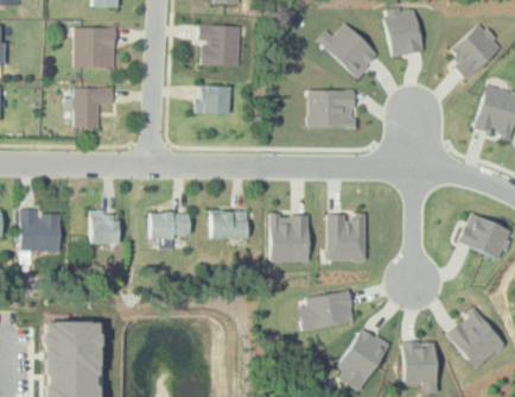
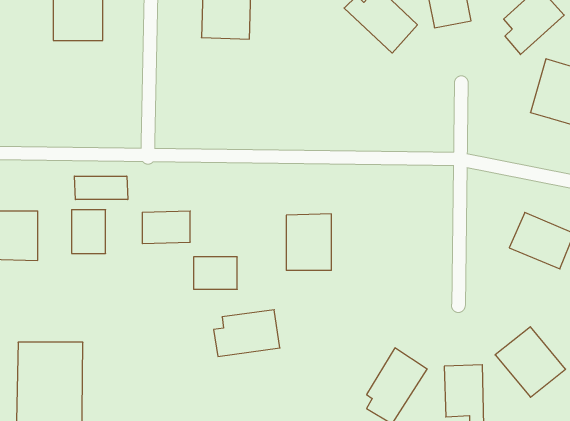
building: [197,87,230,114] -> none
building: [74,89,114,128] -> none
building: [309,89,355,128] -> none
building: none -> [74,176,128,200]
building: [210,212,247,239] -> [194,257,237,289]
building: [325,214,364,260] -> none
building: [298,290,354,329] -> [214,310,280,356]

